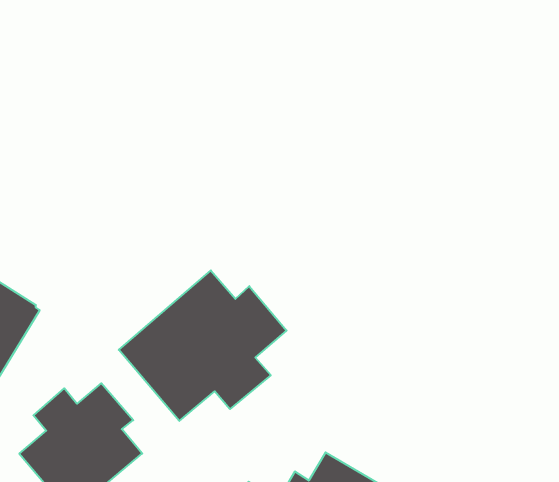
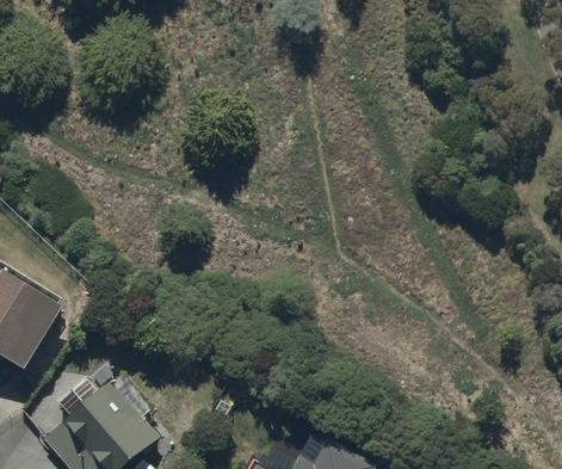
building: [119,270,287,421] -> none

